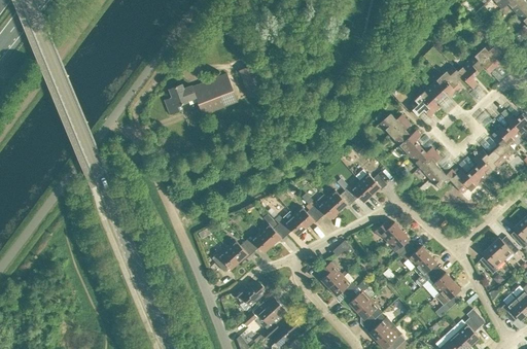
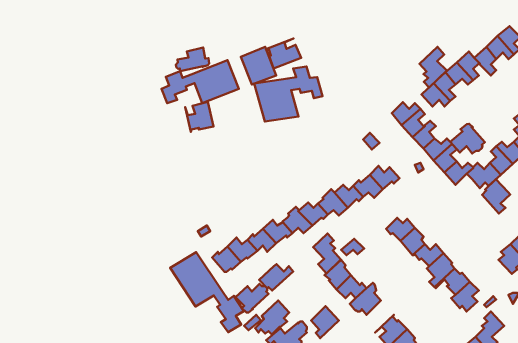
building: none -> [266,39,301,69]
building: none -> [420,47,447,87]
building: none -> [176,48,209,71]
building: none -> [254,66,323,122]
building: none -> [185,102,214,132]
building: none -> [450,124,485,154]
building: none -> [482,179,510,214]
building: none -> [313,233,341,273]
building: none -> [170,252,244,332]
building: none -> [259,264,293,290]
building: [357,298,383,327] -> [311,306,339,338]

